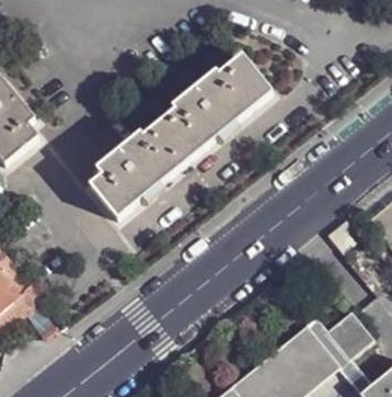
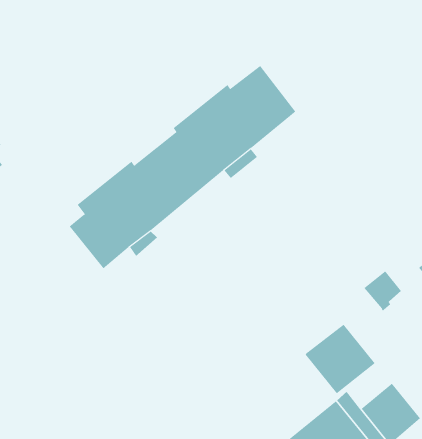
building: none -> [305,324,375,394]

